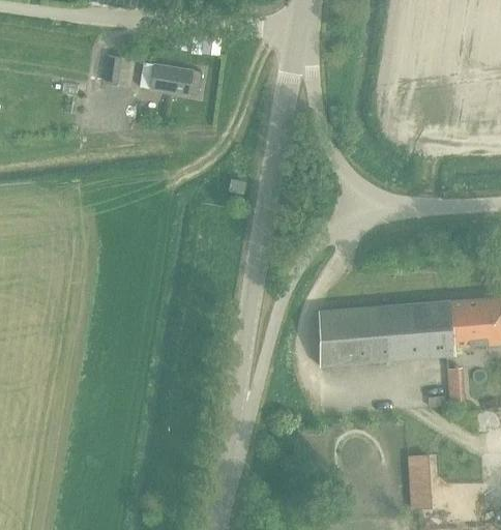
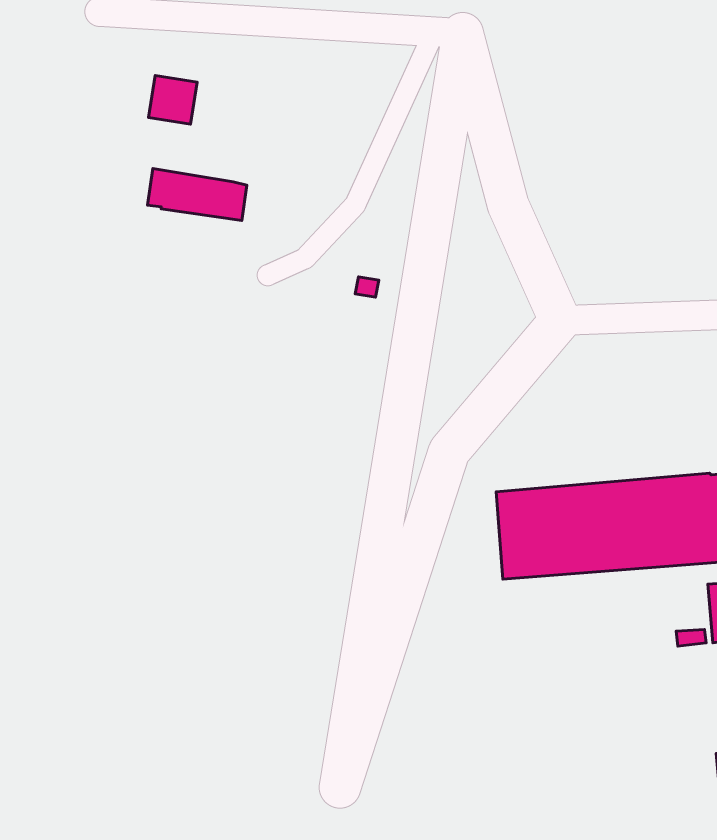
building: [140,63,201,95] -> [148,168,247,220]
building: [409,454,433,509] -> none

